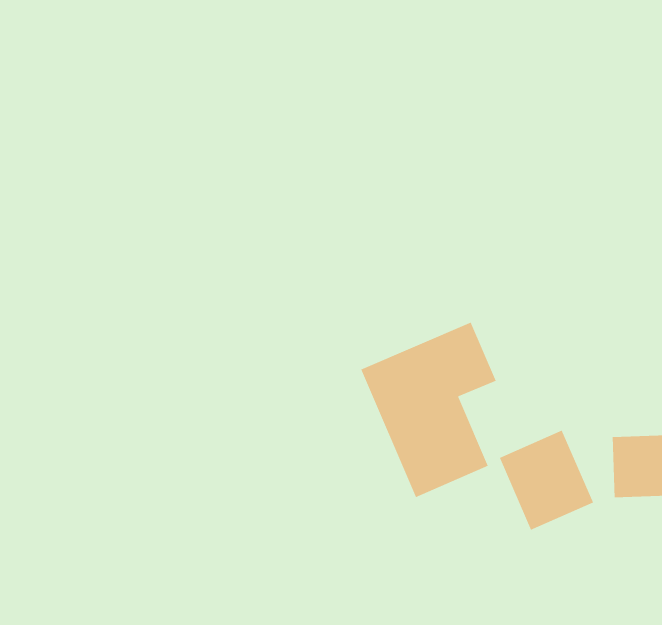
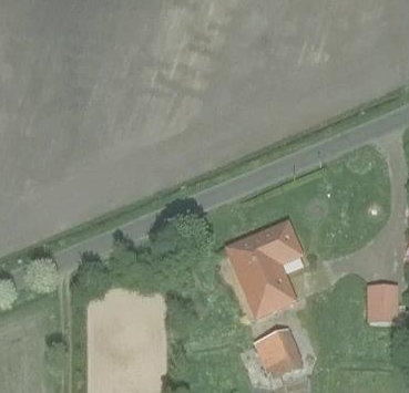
building: [499,430,594,531] -> [253,324,306,381]

